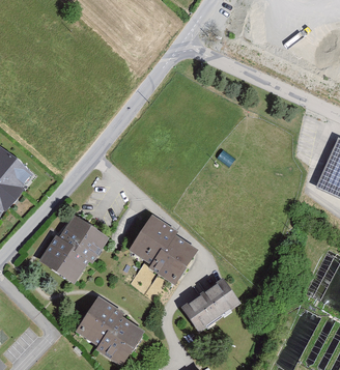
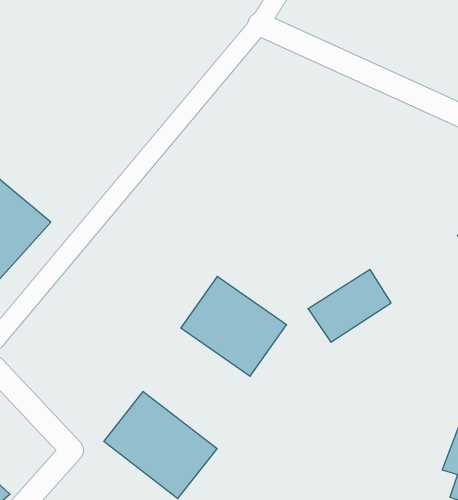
building: [40,214,110,286] -> none
building: [180,281,237,331] -> [308,270,391,342]

